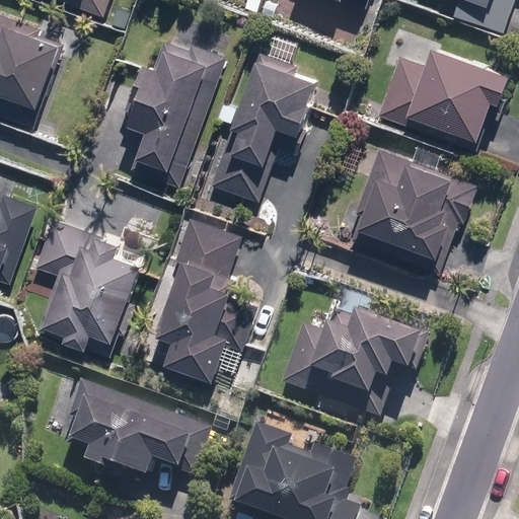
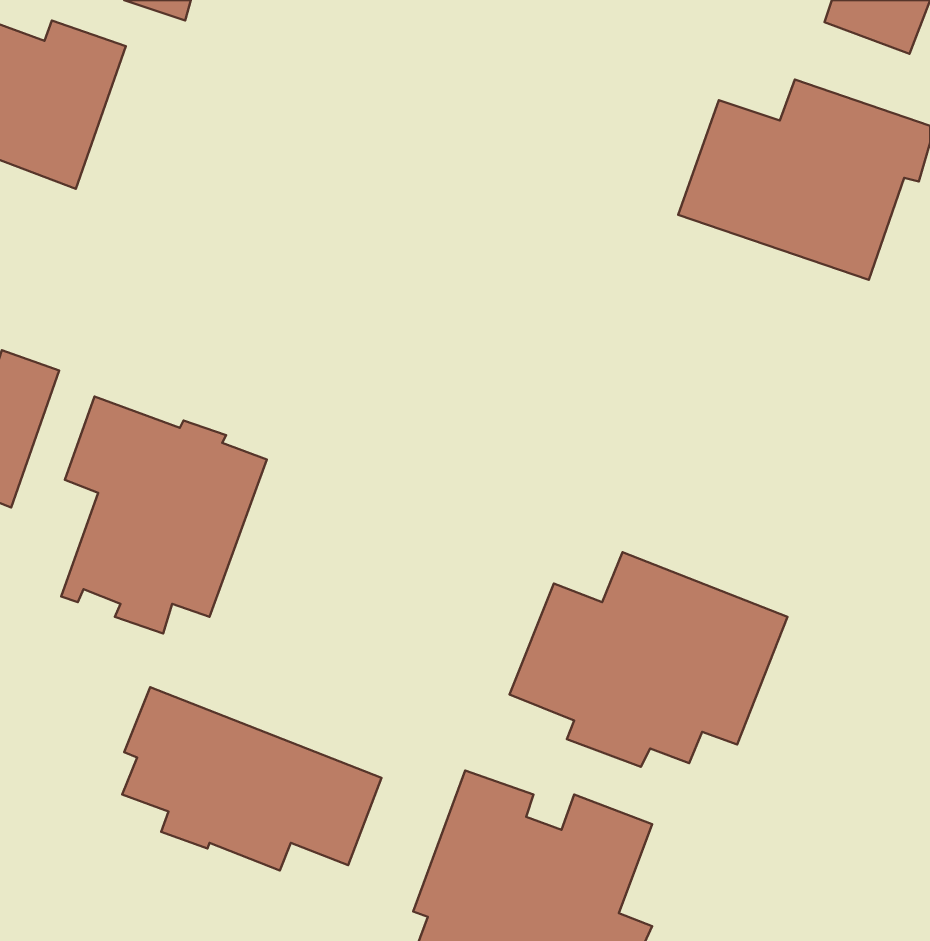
building: [124,40,223,191] -> none
building: [209,51,322,204] -> none
building: [349,143,478,272] -> none
building: [158,218,251,381] -> none

